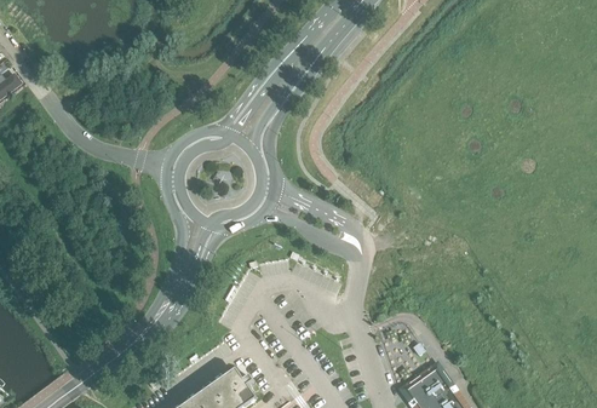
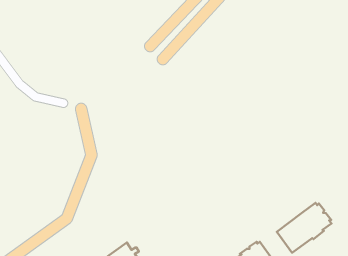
building: none -> [277,203,331,253]

